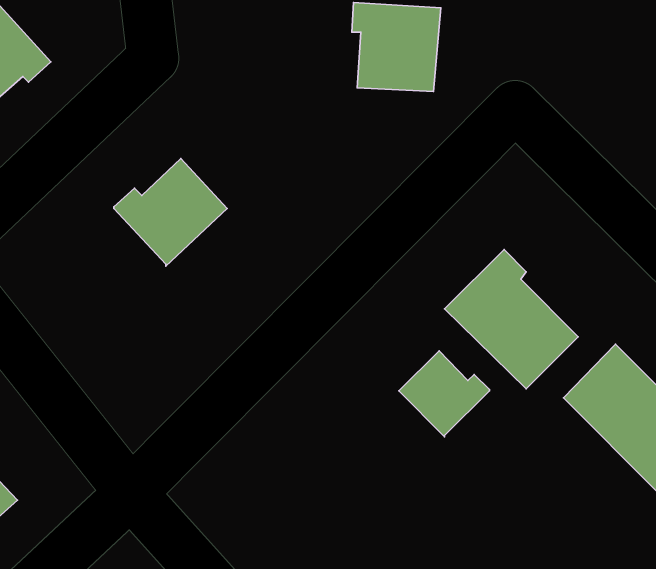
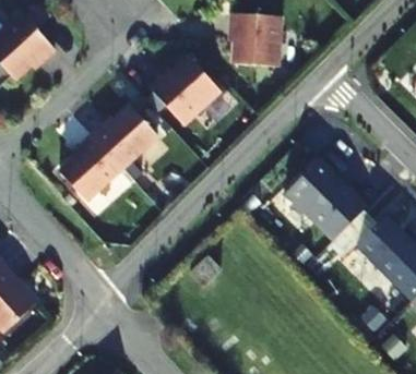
building: none -> [151,60,221,126]
building: none -> [59,134,122,202]
building: [399,351,489,437] -> none

